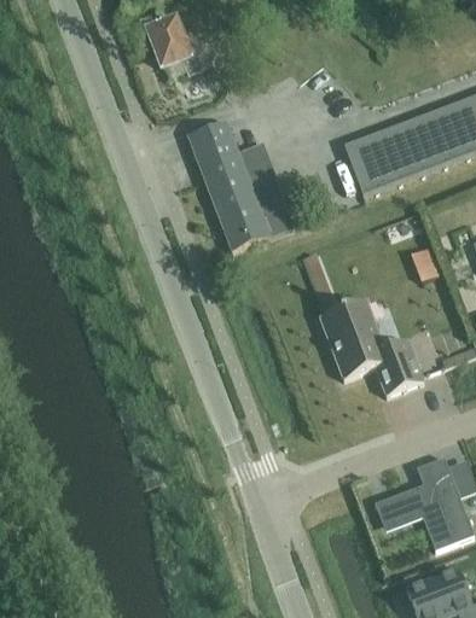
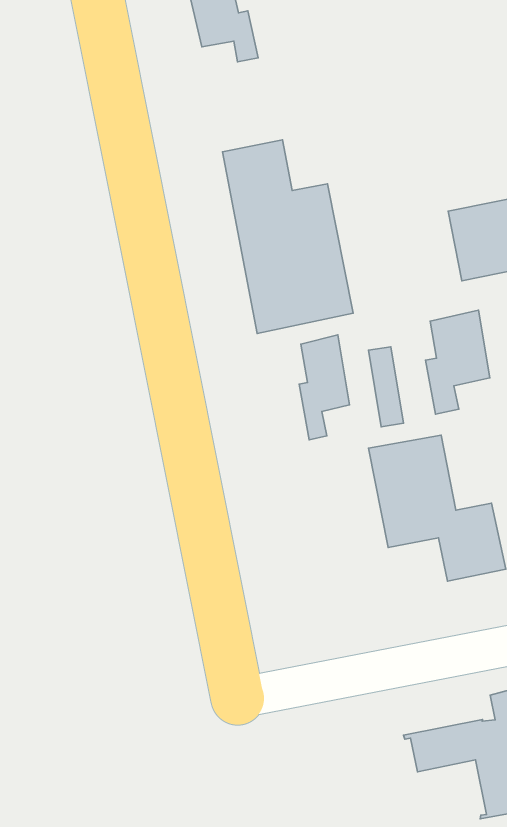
building: none -> [426,310,490,414]
building: none -> [299,335,349,440]

